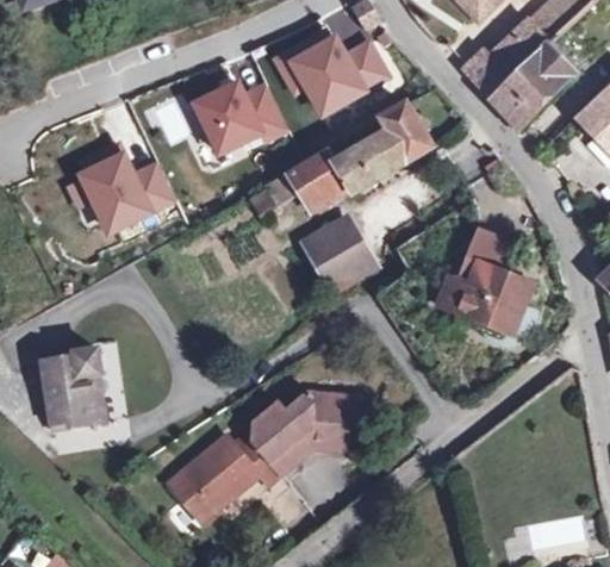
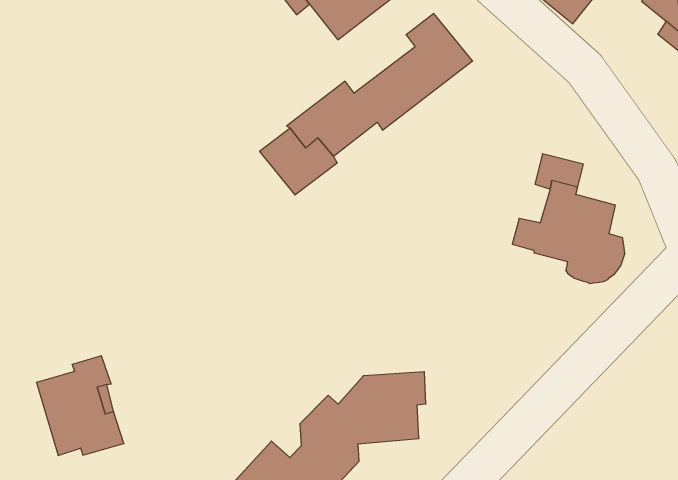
building: [193,85,285,152] -> none
building: [68,142,174,232] -> none
building: [303,217,375,291] -> none

